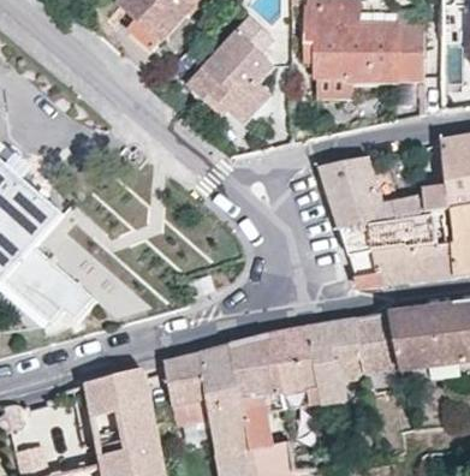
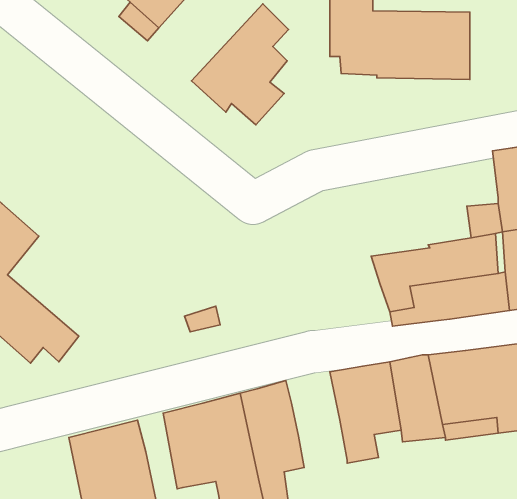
building: [319,155,388,228] -> none
building: [267,326,319,406] -> none

